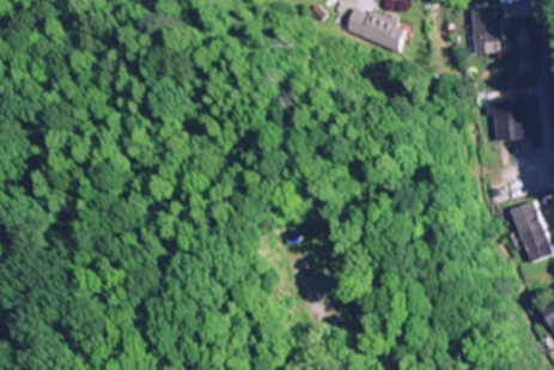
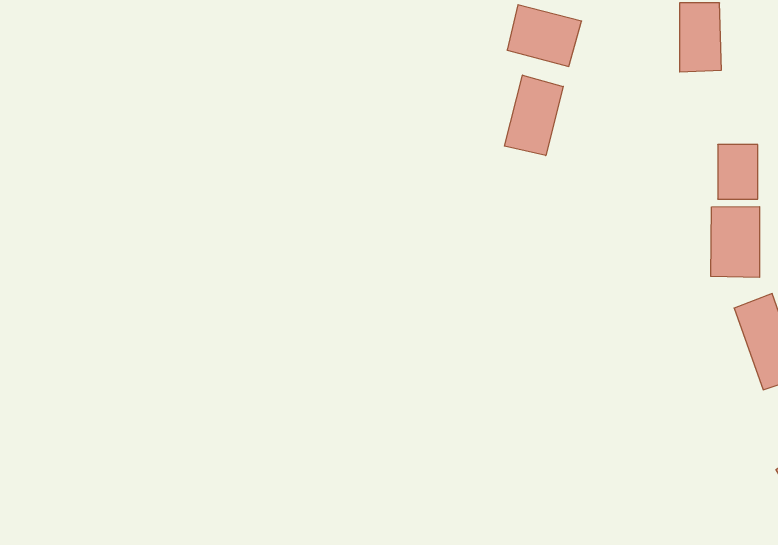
building: none -> [504,75,563,156]
building: none -> [711,207,760,277]

